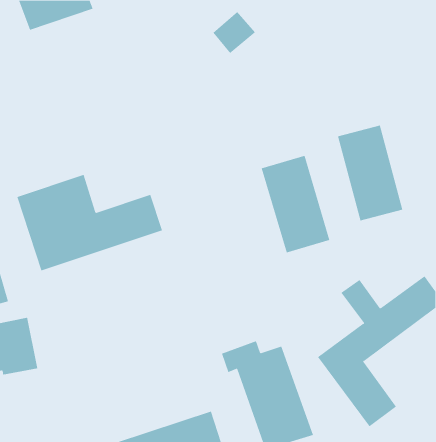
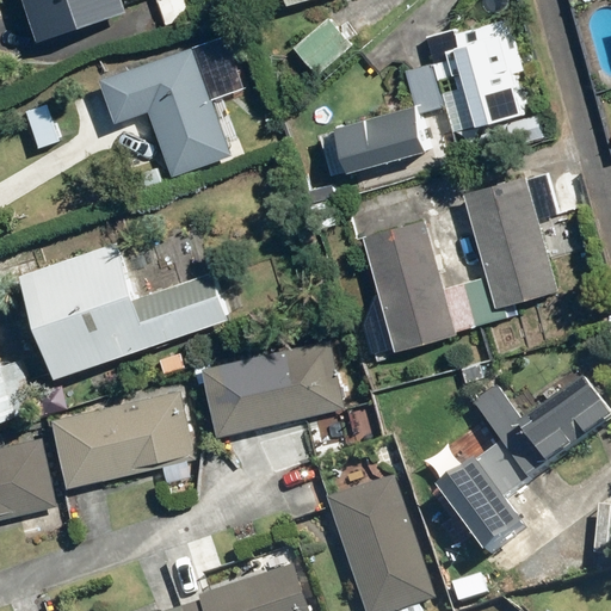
building: none -> [319,29,525,178]
building: none -> [100,48,232,178]
building: none -> [200,337,344,437]
building: none -> [50,388,193,487]

